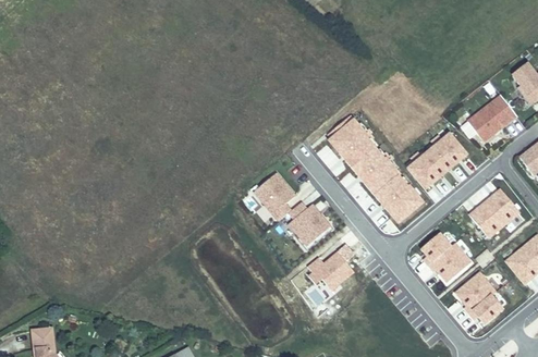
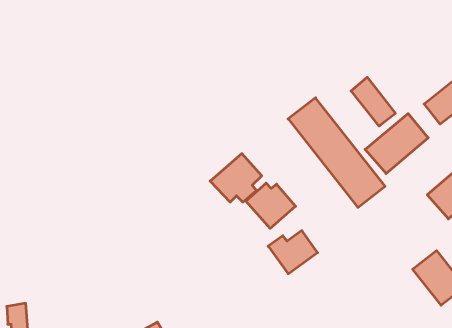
building: none -> [351,77,395,126]
building: [419,232,473,283] -> none

